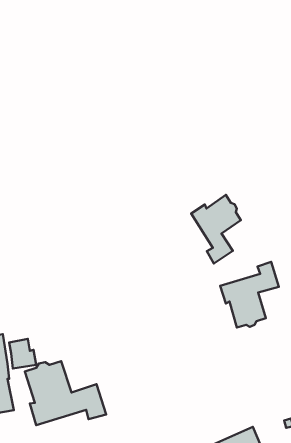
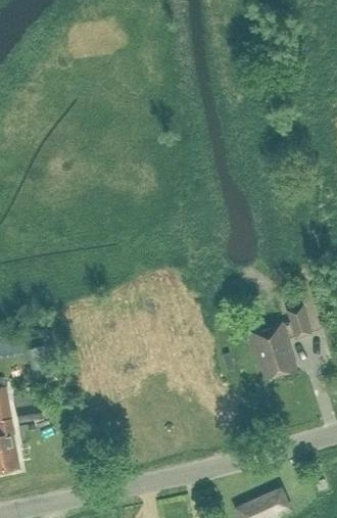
building: [191,195,241,263] -> none
building: [25,361,106,425] -> none

